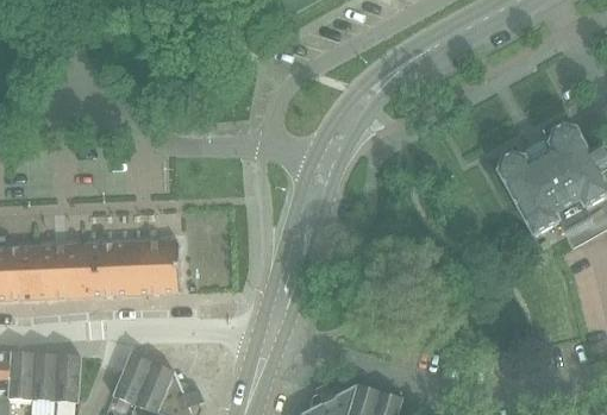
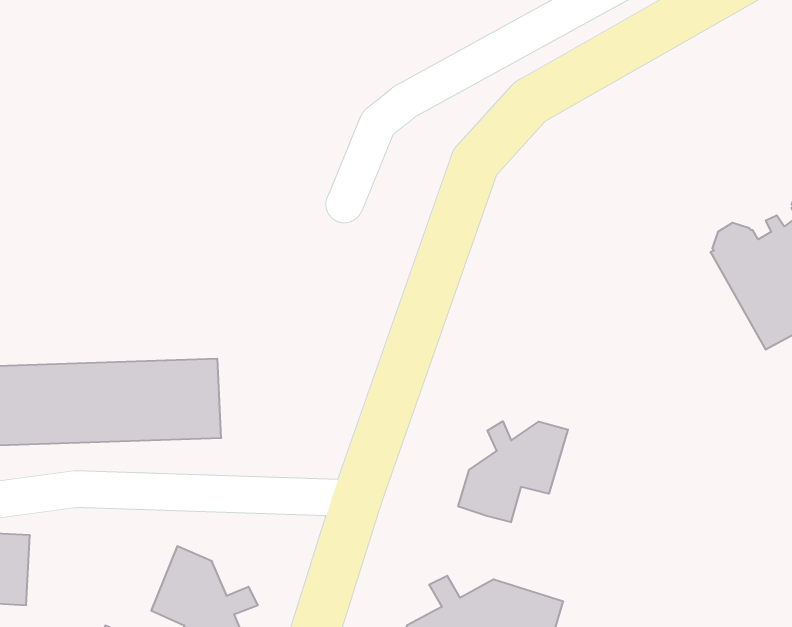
building: none -> [458,421,568,522]
building: [112,352,151,403] -> none
building: [54,354,81,401] -> none

